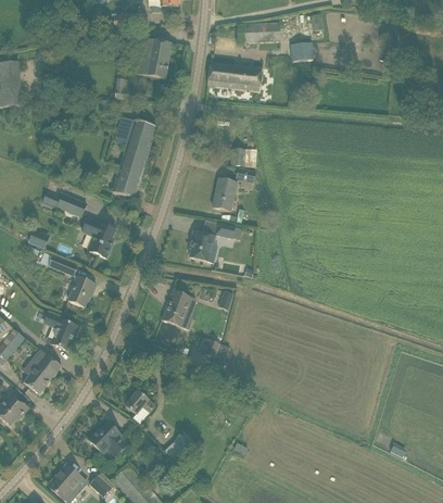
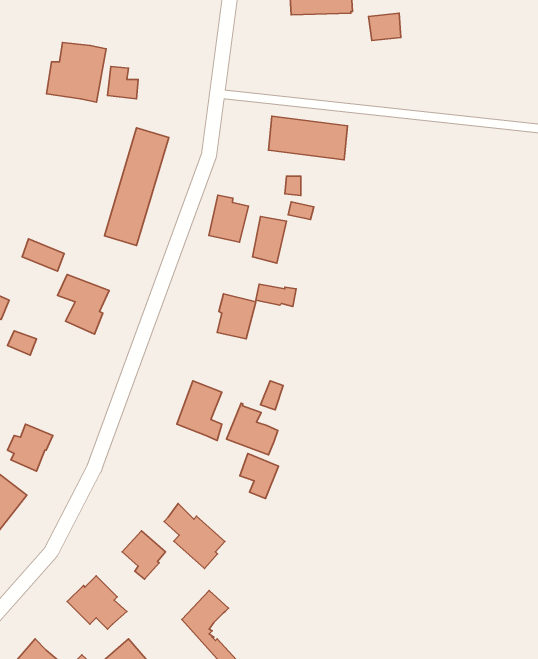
building: [131,38,172,78] -> [47,42,106,102]
building: [207,61,261,90] -> [269,116,348,160]
building: none -> [209,195,249,242]
building: [69,275,96,306] -> none
building: none -> [227,403,278,455]
building: none -> [164,504,225,568]

